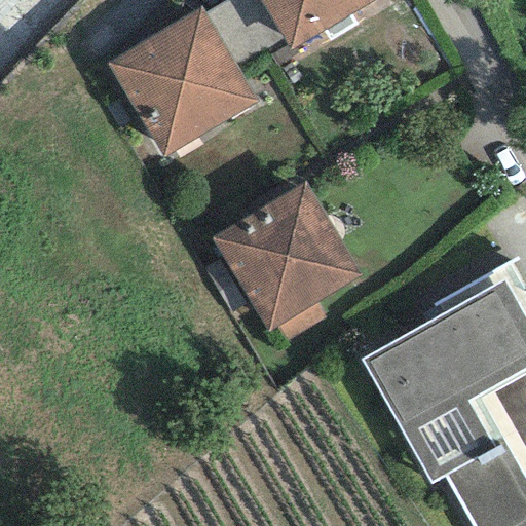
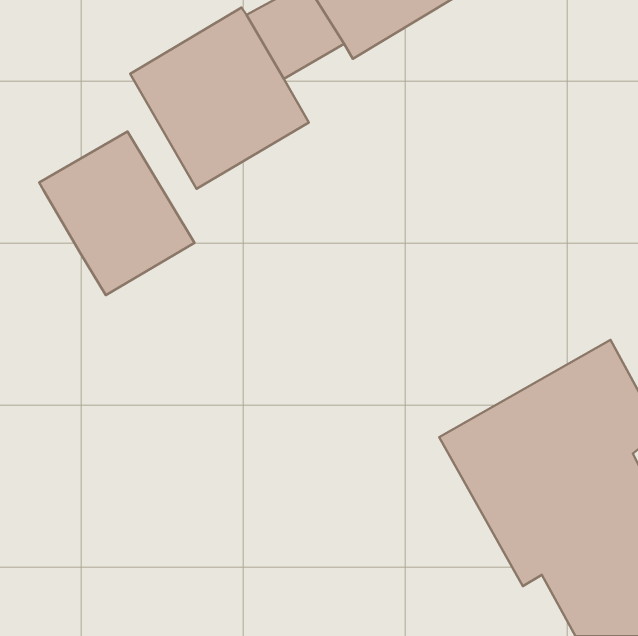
building: none -> [39,131,194,295]
building: [213,181,363,330] -> none

